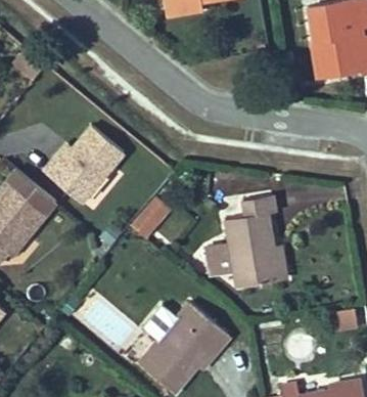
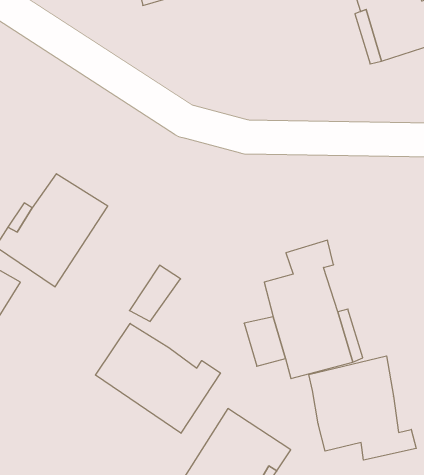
building: none -> [95,323,220,433]
building: none -> [309,356,416,460]

